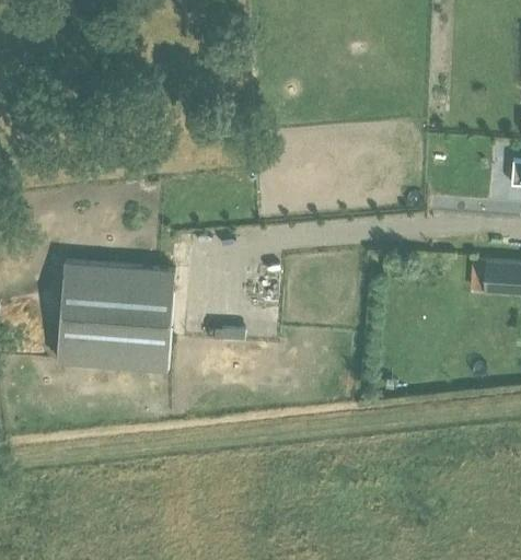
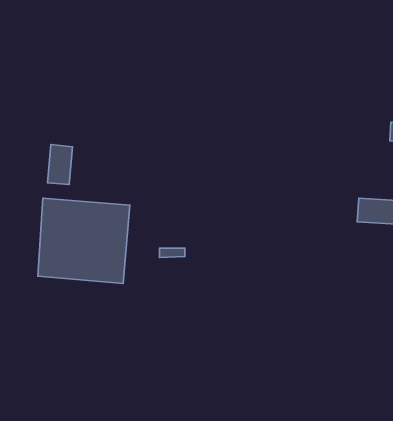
building: none -> [48,145,72,184]

